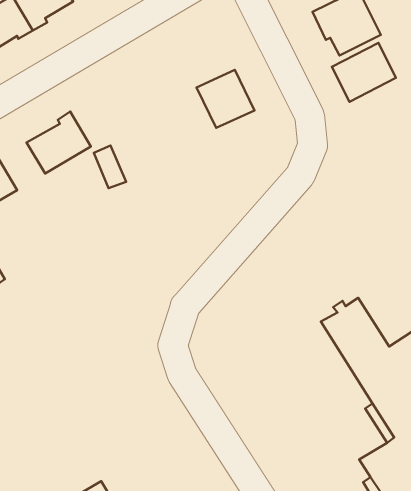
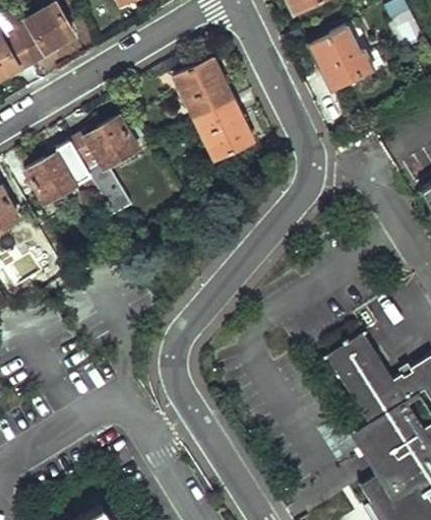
building: none -> [178,61,235,120]
building: [332,43,396,102] -> none
building: none -> [73,119,140,178]

